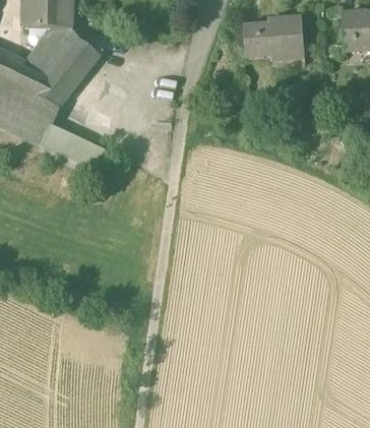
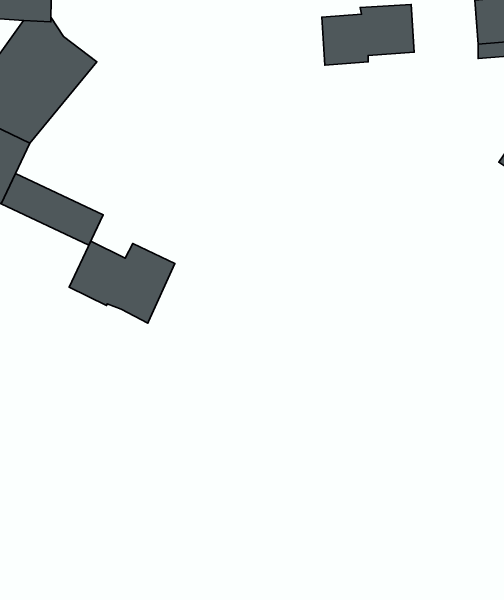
building: [272,47,304,66] -> none
building: none -> [69,241,175,323]

